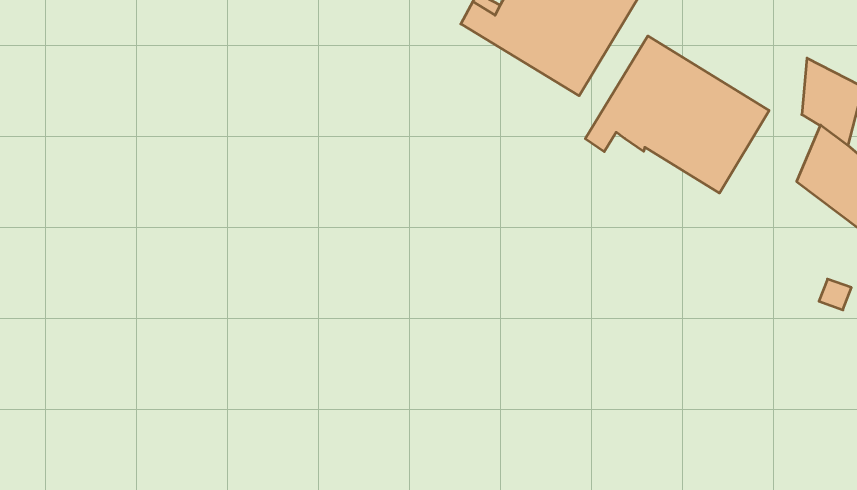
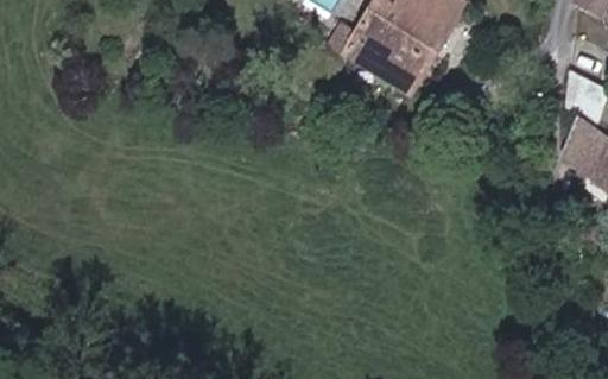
building: [585,36,769,193] -> none

